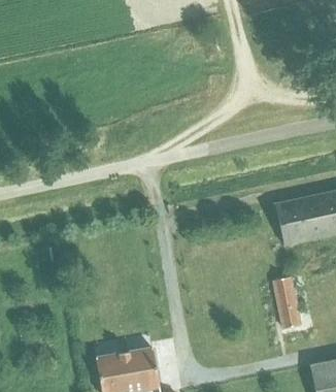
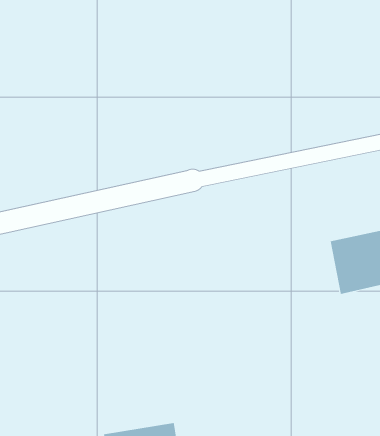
building: [274,277,301,328] -> none

